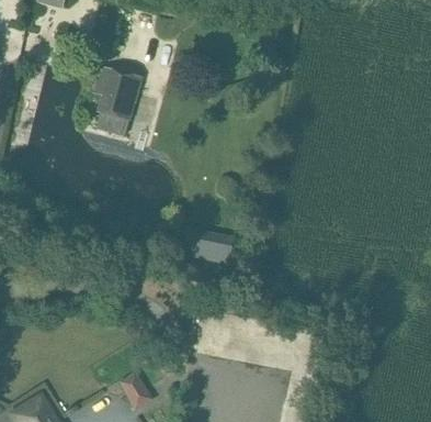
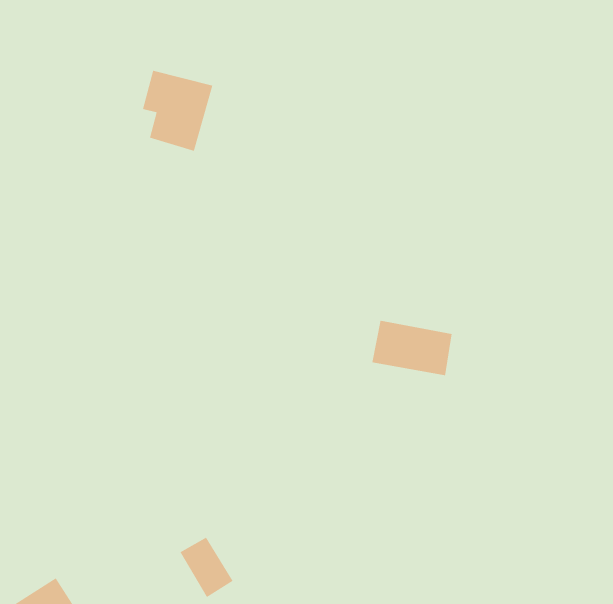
building: [181,229,234,265] -> [371,320,453,376]

